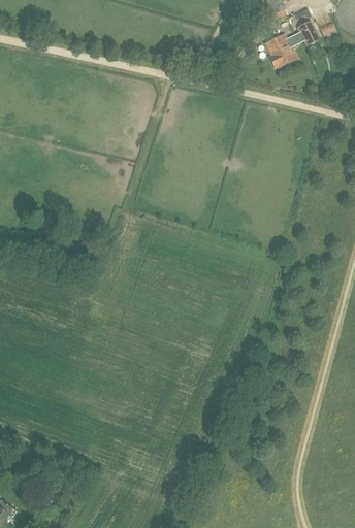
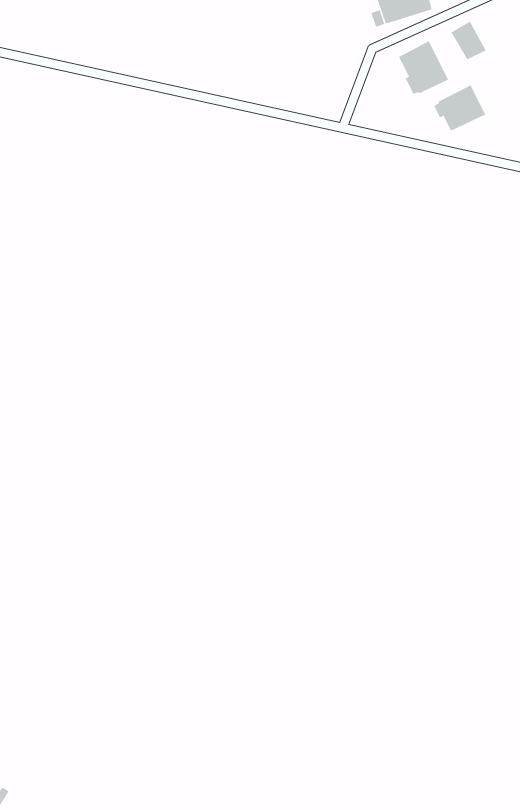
building: none -> [433,84,486,132]

